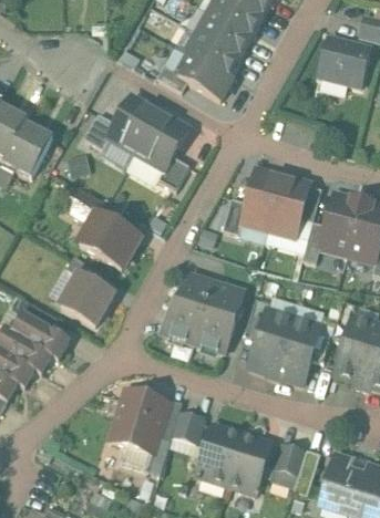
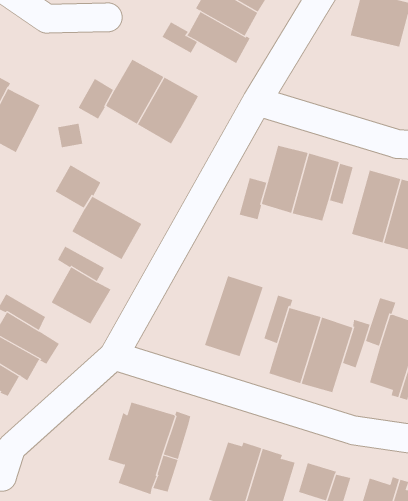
building: [156,156,189,190] -> none
building: [160,276,212,342] -> none
building: [171,411,204,444] -> none

